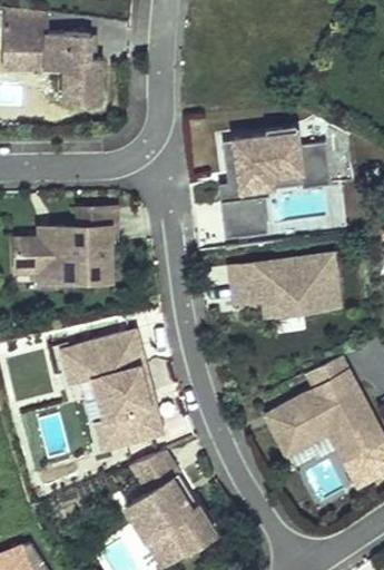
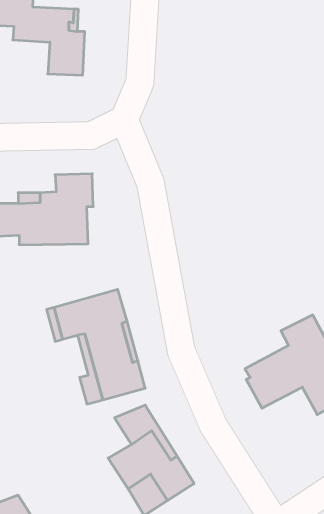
building: [219,131,332,237] -> none
building: [230,254,339,314] -> none

